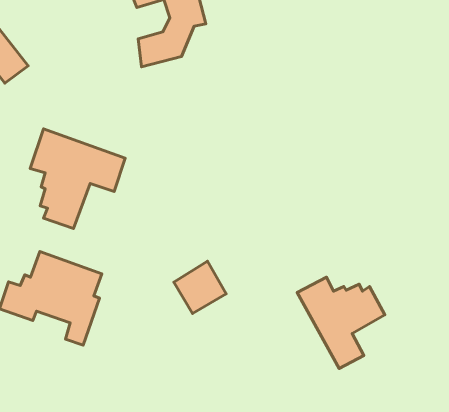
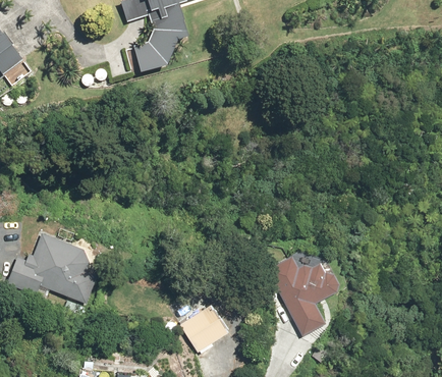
building: [30,129,125,228] -> none
building: [174,261,226,314] -> [182,306,228,352]

